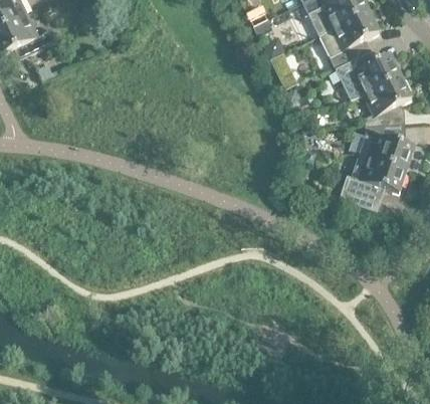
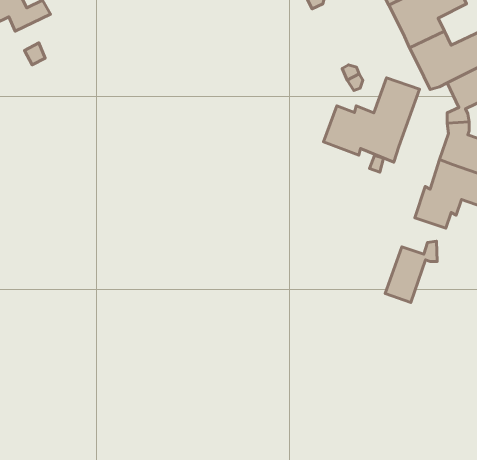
building: none -> [323,78,420,162]
building: none -> [385,241,437,303]

